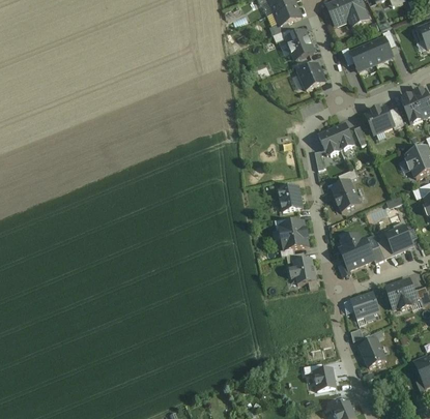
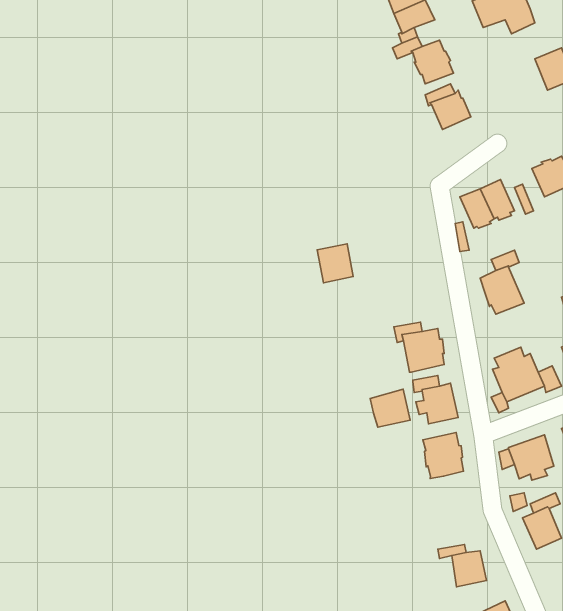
building: [348,42,375,70] -> none
building: [278,185,302,211] -> [317,244,353,283]
building: none -> [370,389,410,427]
building: none -> [423,433,463,479]

